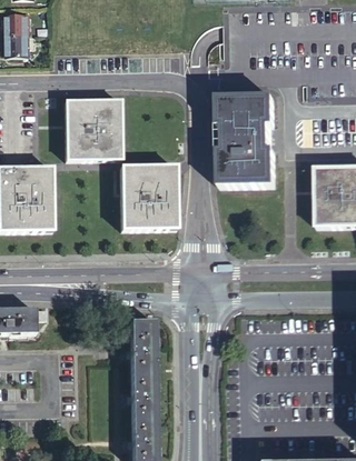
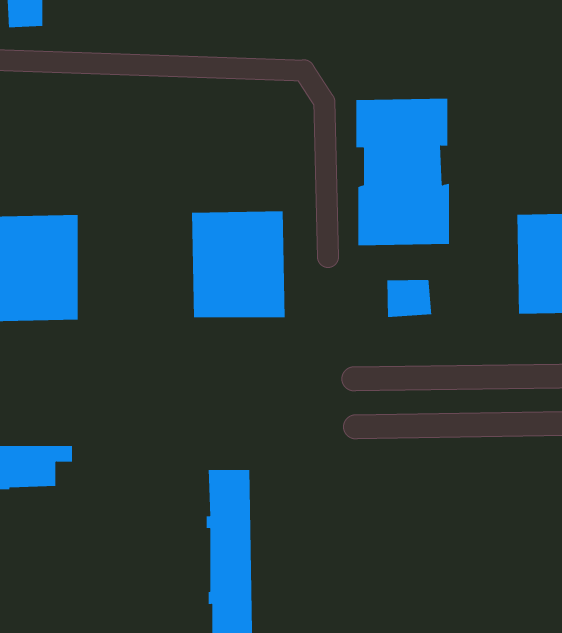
building: [61,98,118,159] -> none
building: none -> [387,279,432,318]

